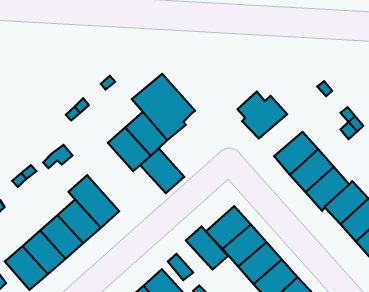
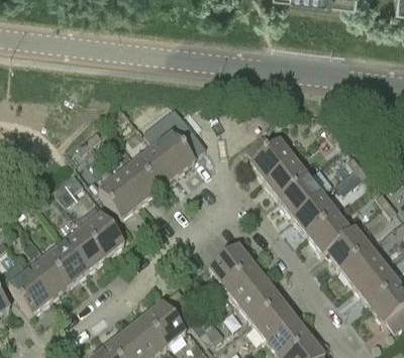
building: none -> [267,156,310,197]
building: [140,148,184,193] -> [99,173,141,218]
building: [186,227,228,269] -> none

